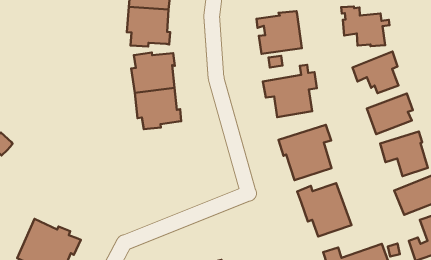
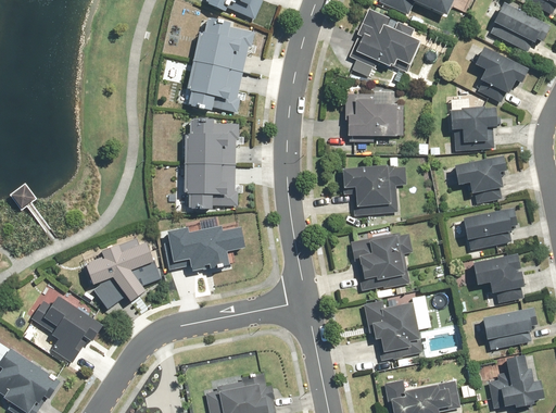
building: none -> [169,223,247,267]
building: none -> [81,233,160,308]

